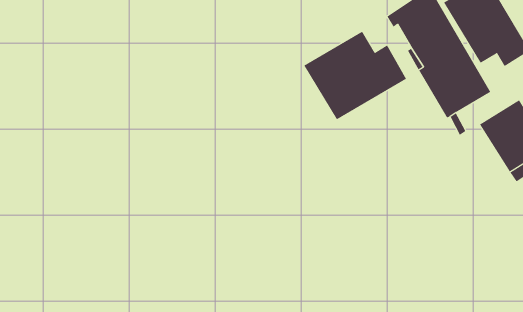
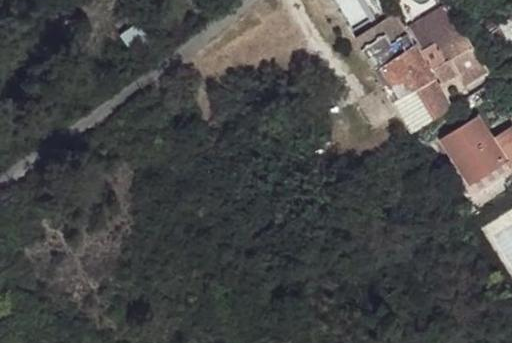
building: [303,31,407,120] -> none

